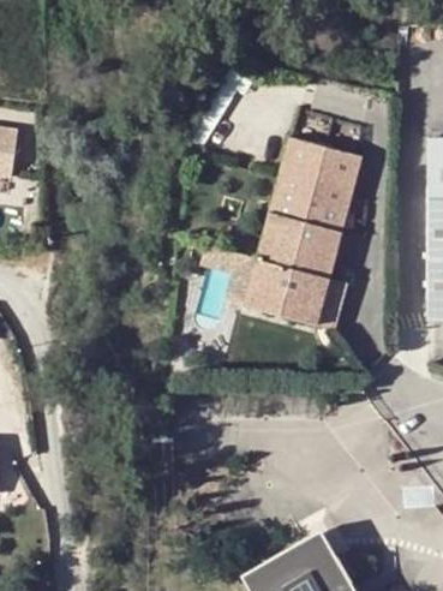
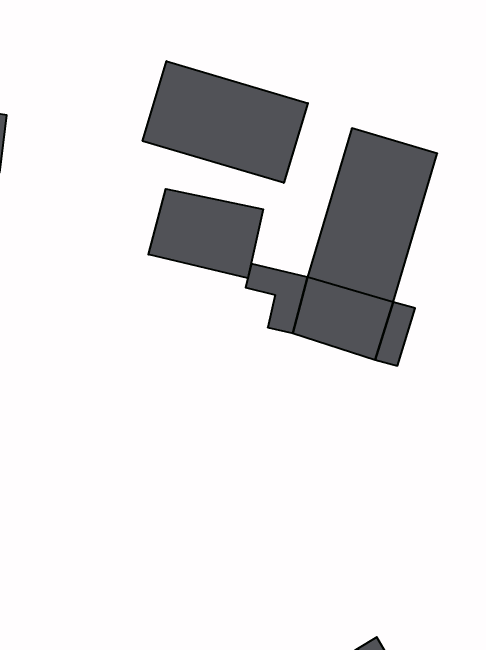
building: none -> [143,61,308,183]
building: none -> [148,189,263,278]

